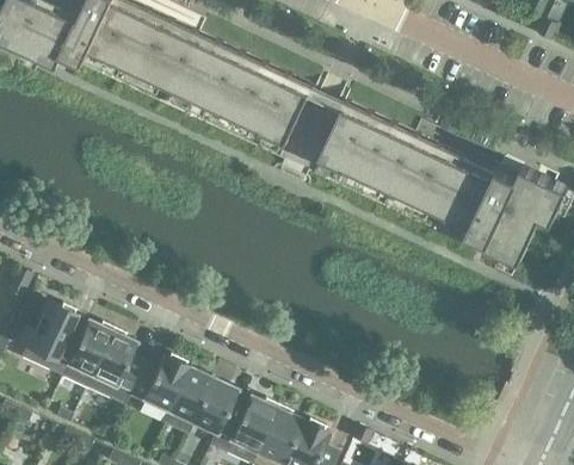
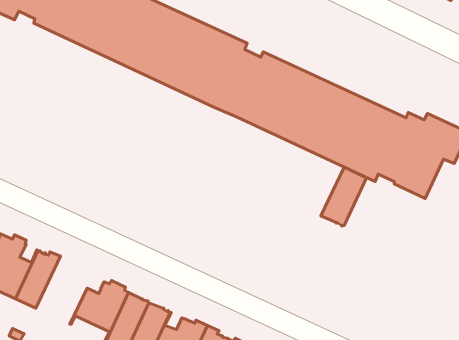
building: none -> [321,167,367,226]
building: [87,326,144,402] -> none

